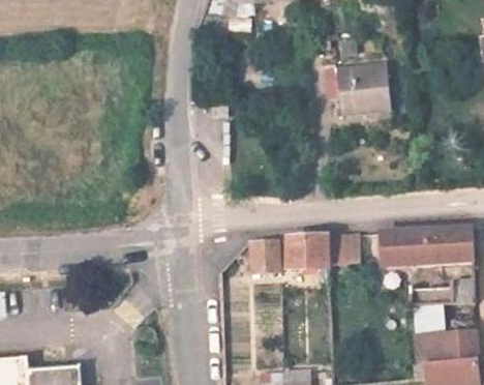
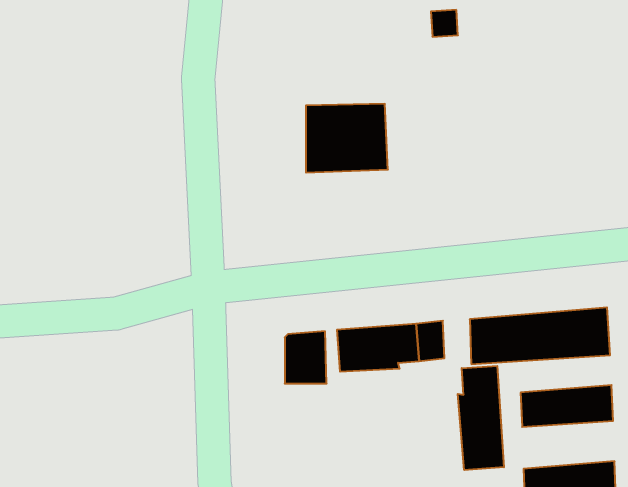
building: [332,62,389,110] -> [306,104,388,173]
building: none -> [458,366,504,470]

